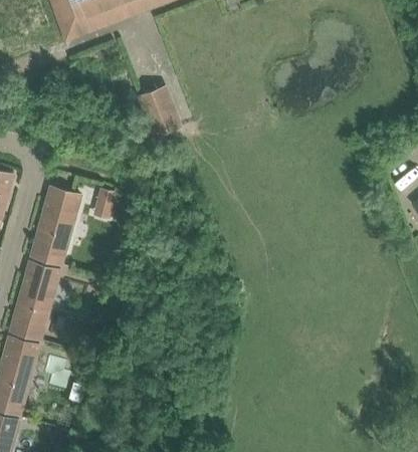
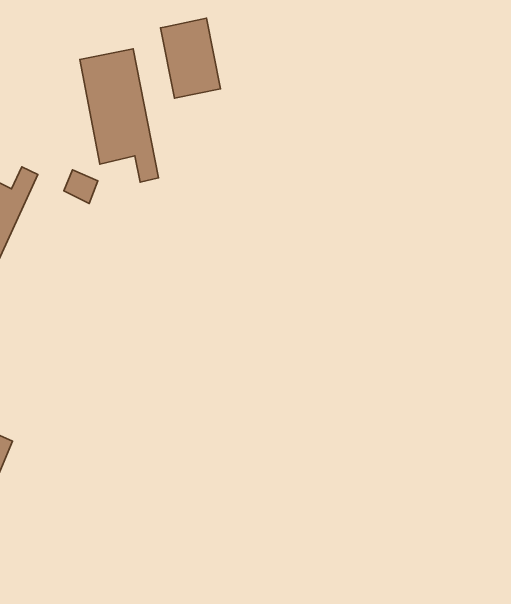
building: none -> [80,49,159,182]

